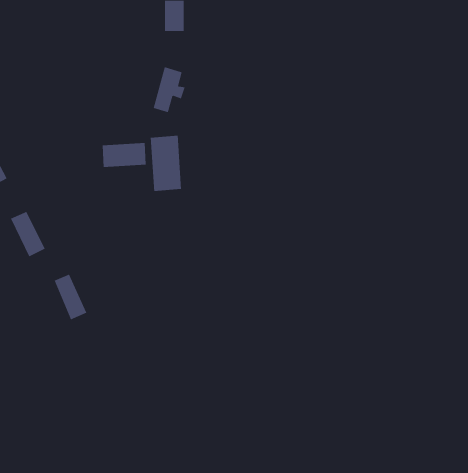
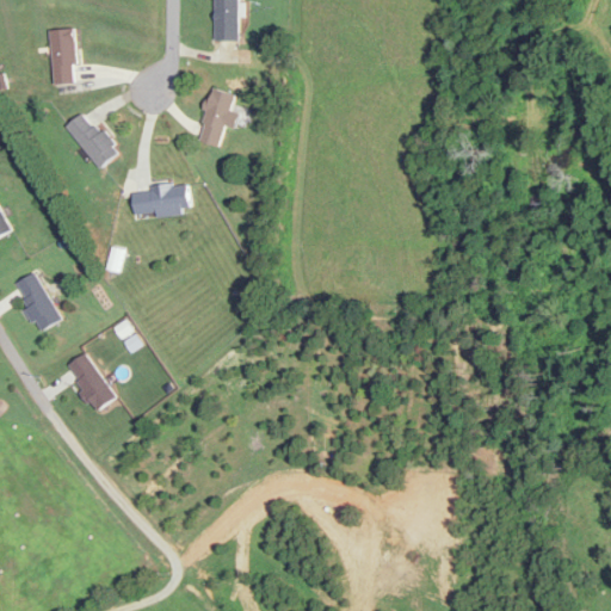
building: none -> [48,26,76,85]
building: none -> [72,116,116,167]
building: [150,135,182,192] -> none

